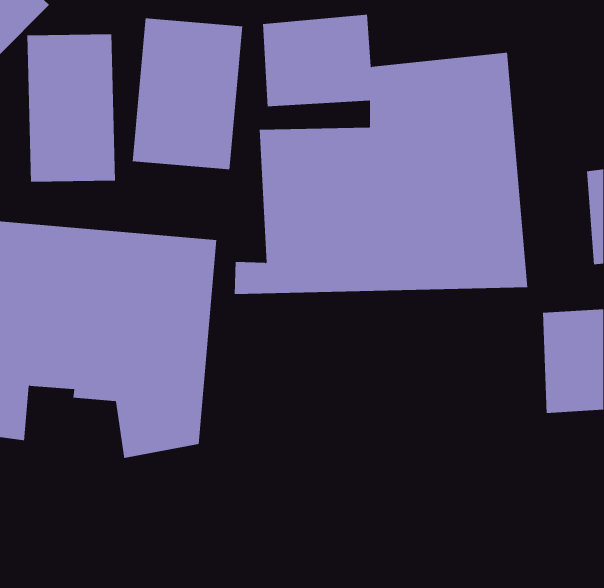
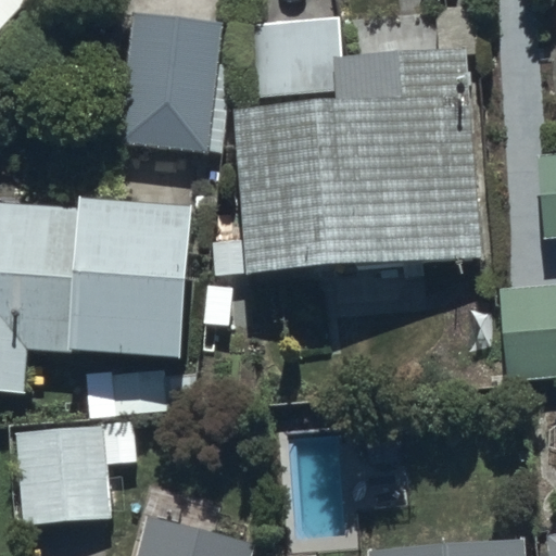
building: [27,33,115,182] -> none
building: none -> [11,426,112,527]

